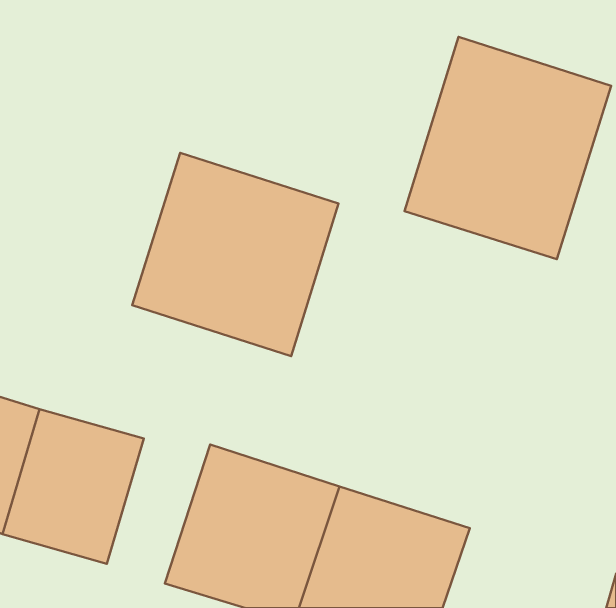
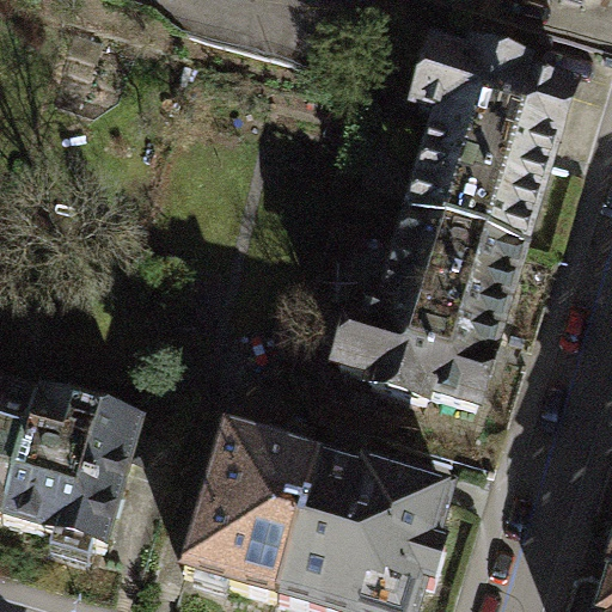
building: [132,153,338,356] -> none
building: none -> [339,206,541,421]

